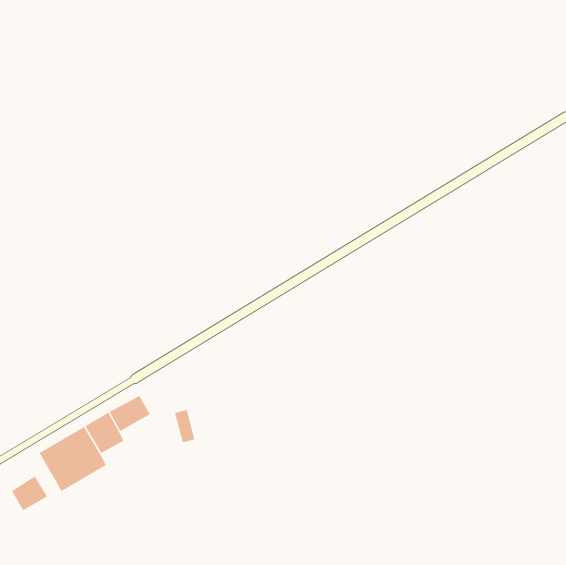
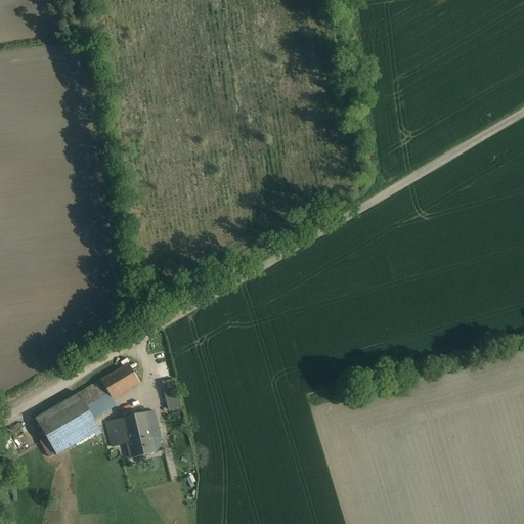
building: none -> [105,409,160,457]
building: [11,476,48,511] -> none

